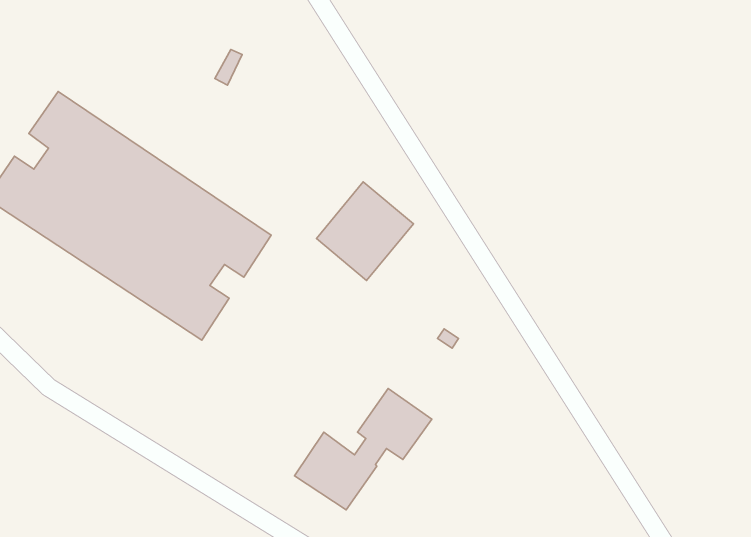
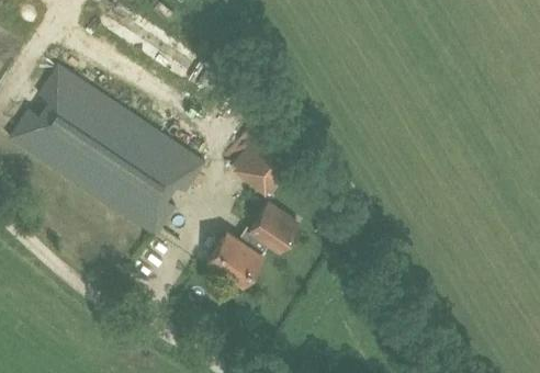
building: [295,389,432,510] -> [206,202,300,284]

